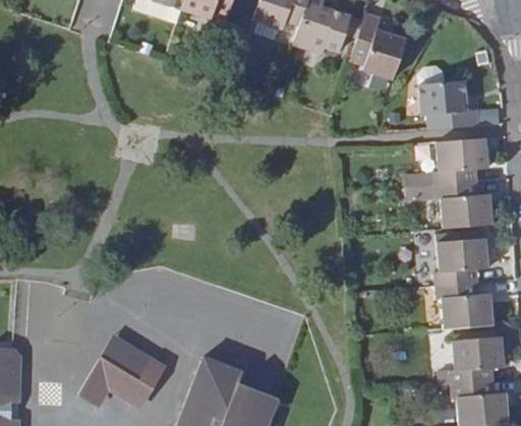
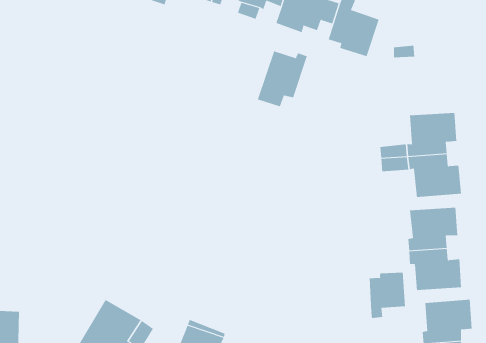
building: none -> [257,50,307,107]
building: [419,80,477,129] -> none
building: none -> [369,272,405,319]

